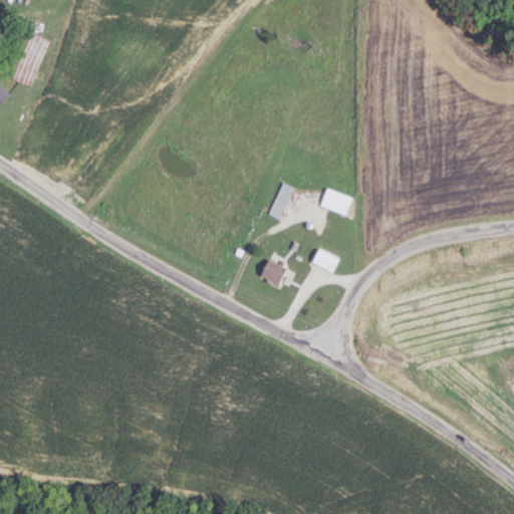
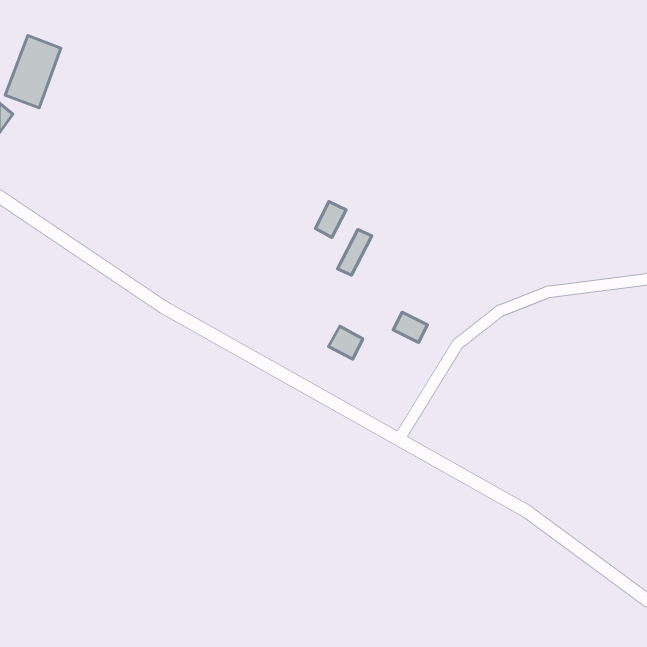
building: none -> [315,202,346,237]
building: [319,188,352,216] -> none

